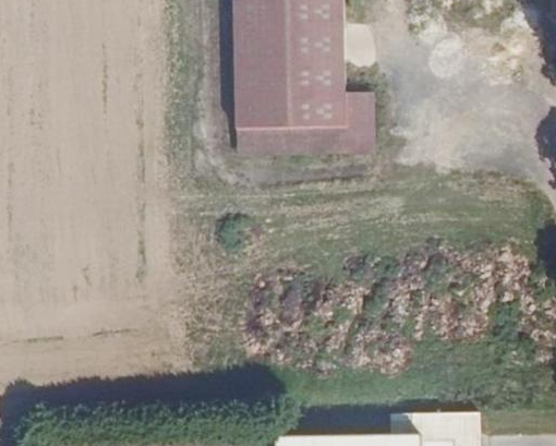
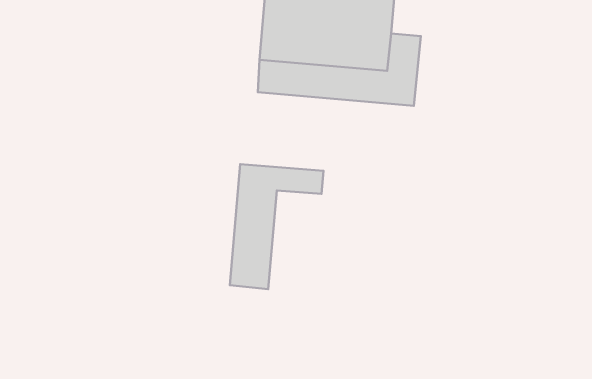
building: none -> [230,164,323,289]

